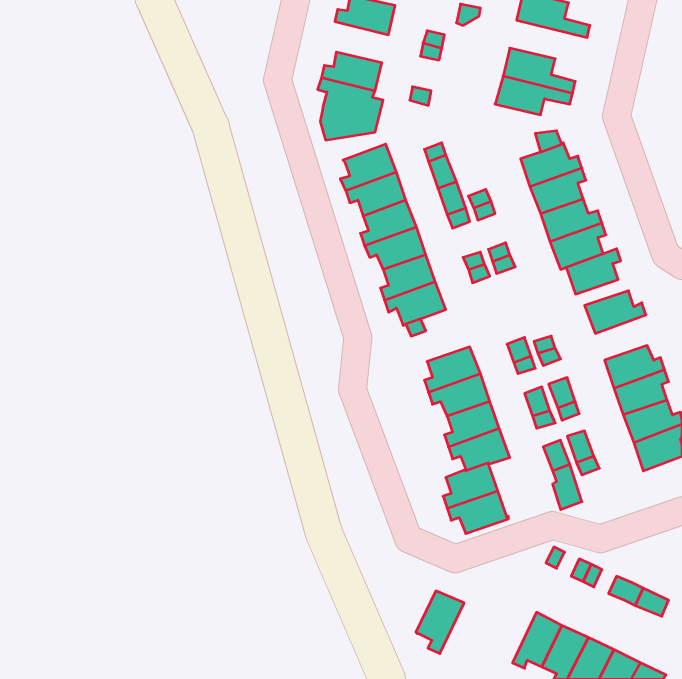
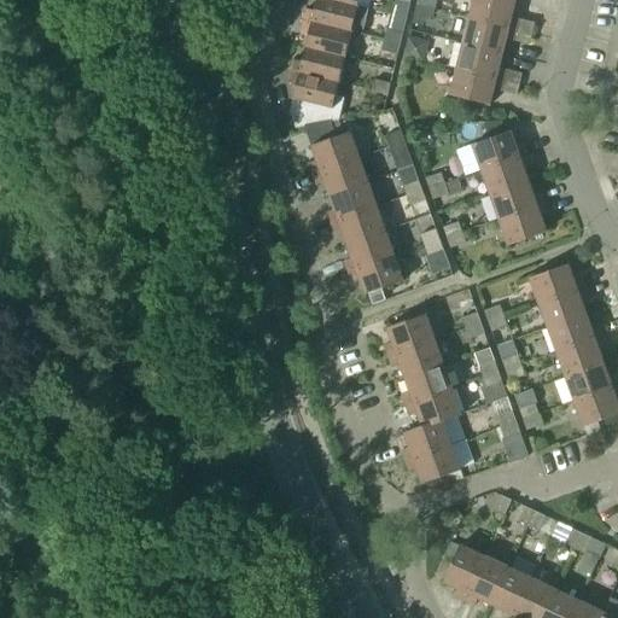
building: none -> [461,18,531,53]
building: none -> [301,19,351,57]
building: [566,249,621,294] -> [538,285,588,326]
building: [416,591,464,654] -> [442,543,485,600]

